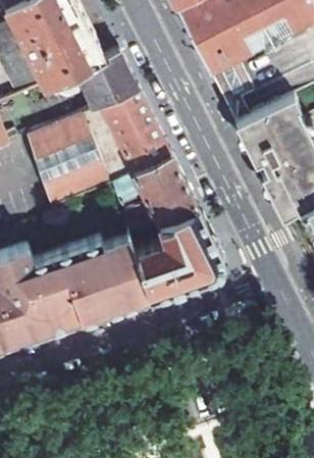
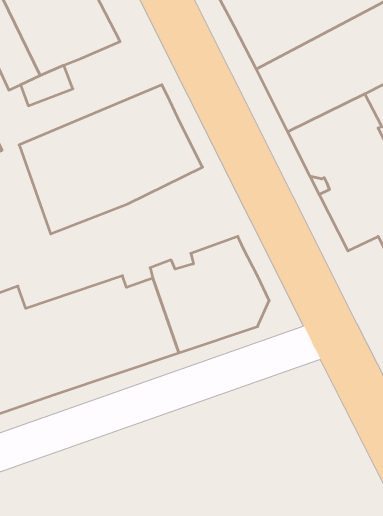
building: [73,51,137,107] -> none
building: [110,153,196,232] -> none

